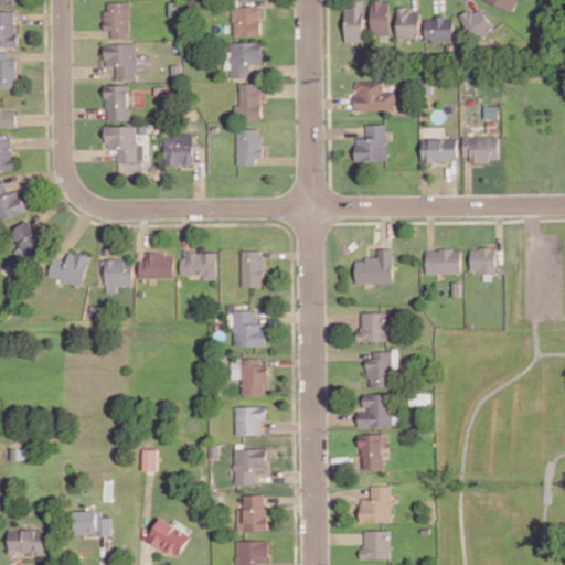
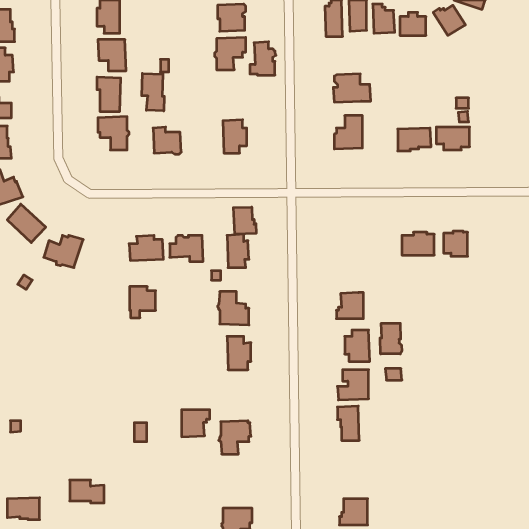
building: none -> [142,73,164,111]
building: [234,84,262,119] -> [250,42,276,75]
building: none -> [233,207,256,234]
building: [355,250,392,284] -> none
building: [104,260,131,294] -> [130,287,156,318]
building: none -> [380,323,402,354]
building: [235,407,265,436] -> [182,410,210,437]
building: [360,488,390,522] -> none
building: [236,497,266,531] -> none
building: [146,519,189,555] -> none

